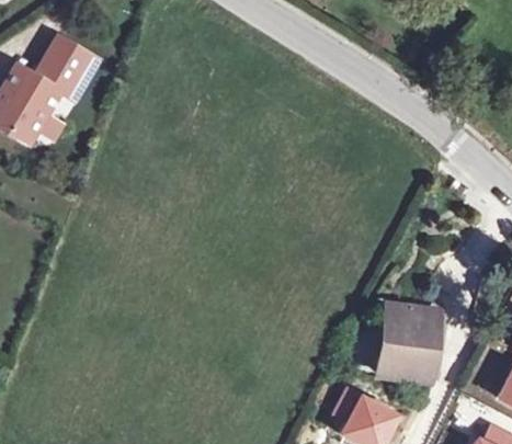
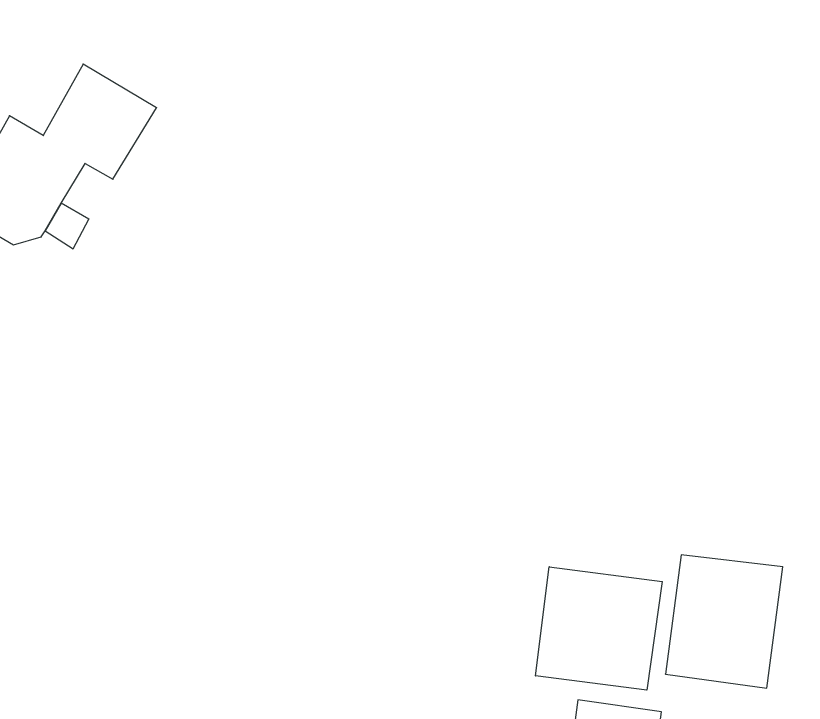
building: none -> [536,567,662,690]

